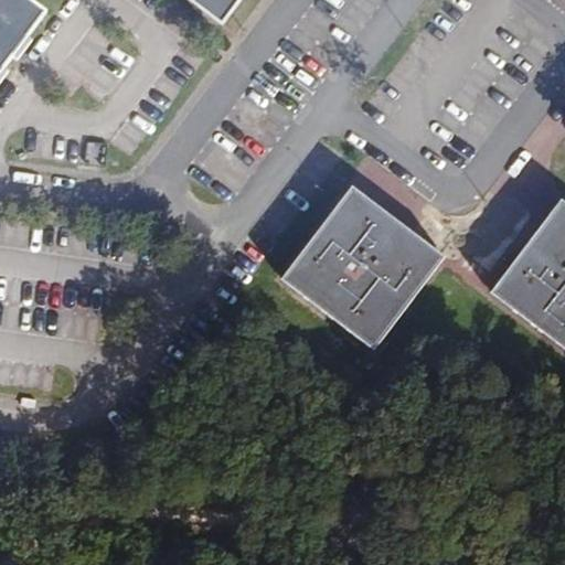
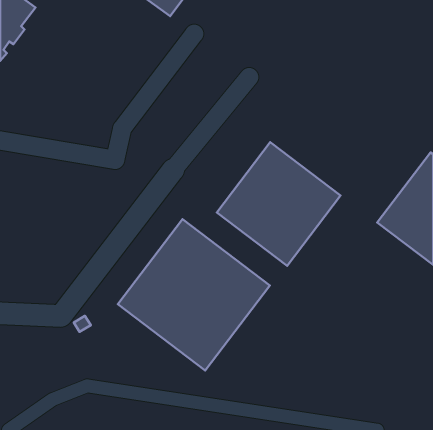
building: none -> [118,219,270,370]

